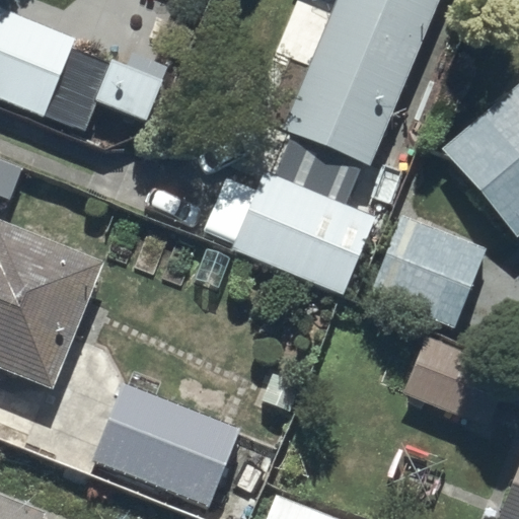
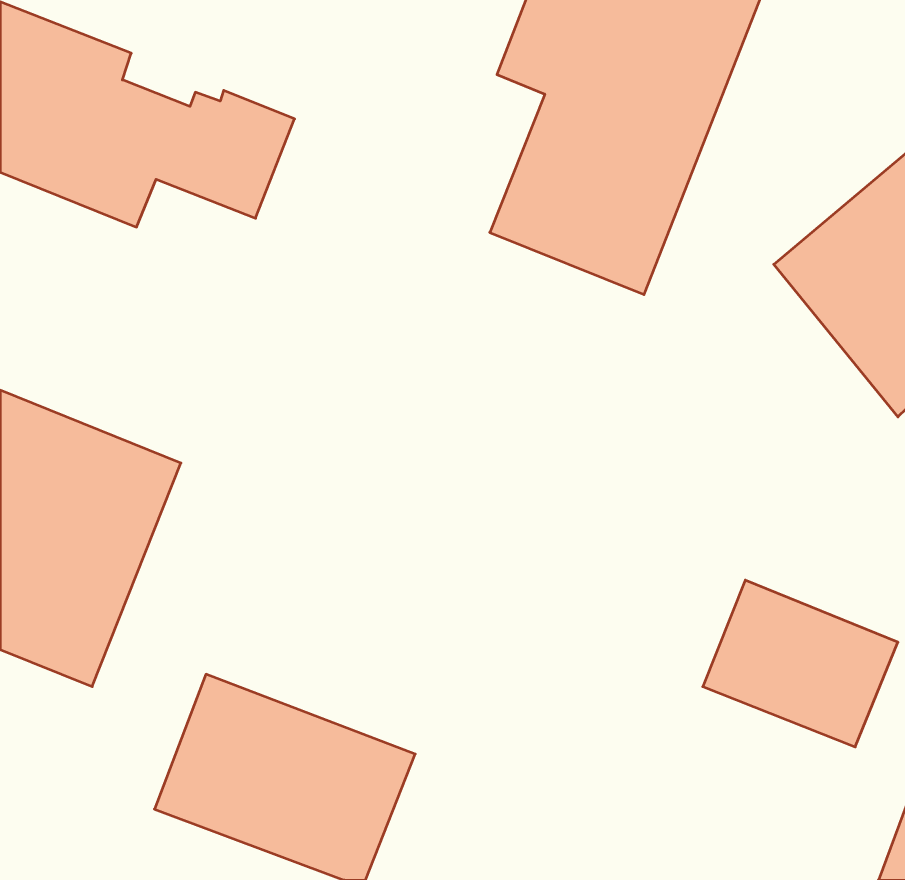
building: [230,168,374,293] -> none
building: [370,212,485,325] -> none

